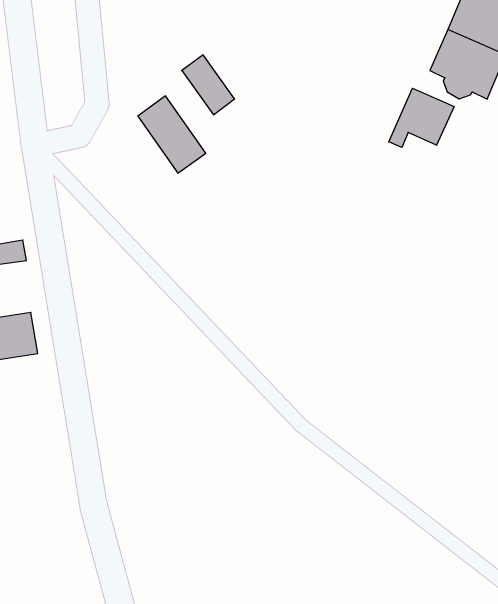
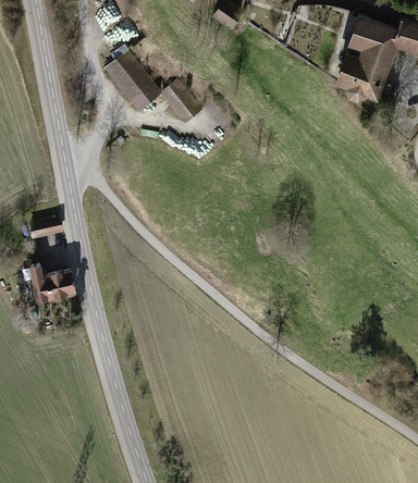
building: [389,88,454,147] -> none
building: [138,96,206,173] -> [110,55,159,109]

